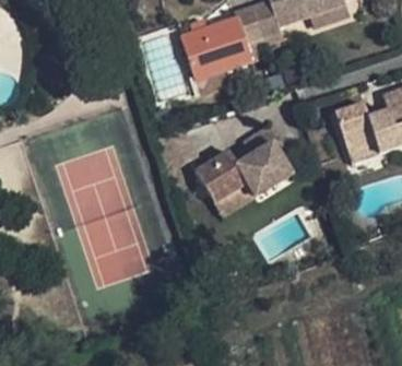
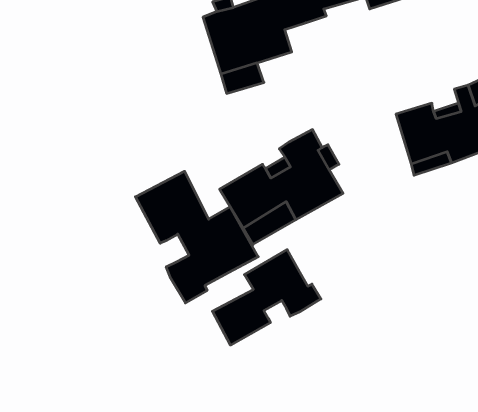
building: none -> [135,171,258,303]
building: none -> [212,250,321,345]

